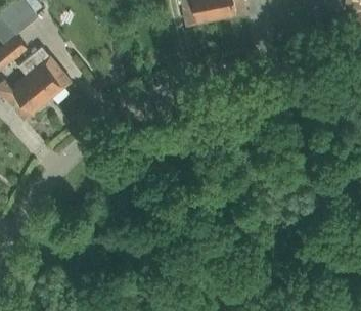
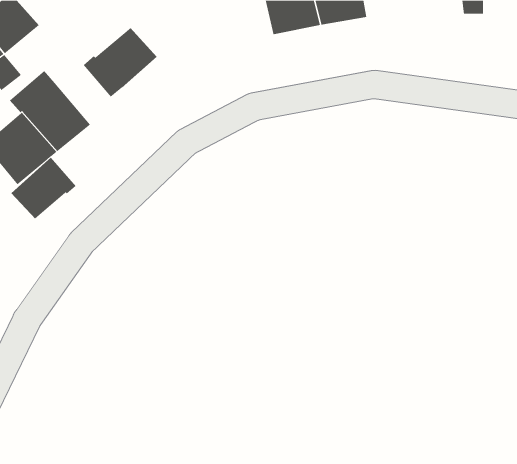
building: none -> [83,27,158,98]
building: none -> [10,157,77,219]

